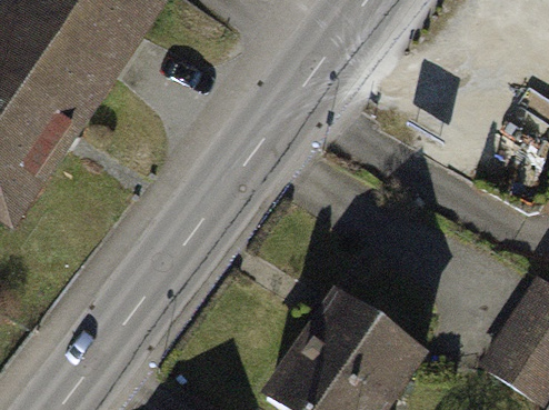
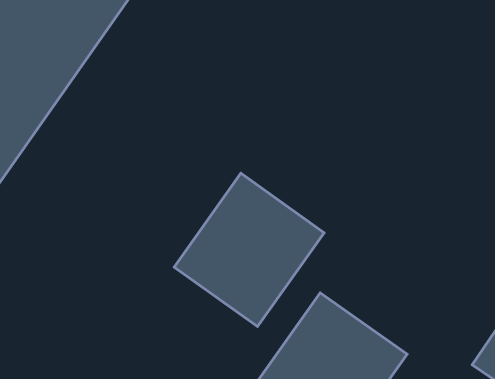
building: none -> [174,173,324,327]

